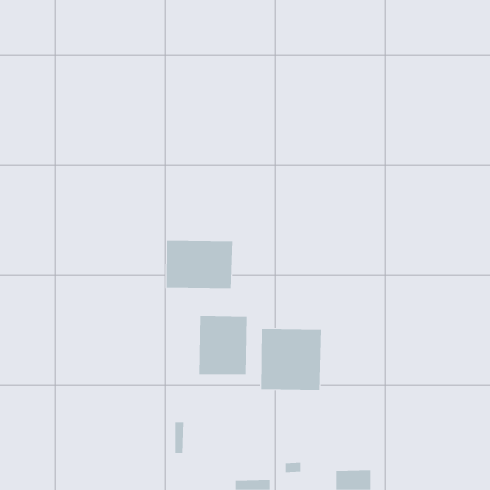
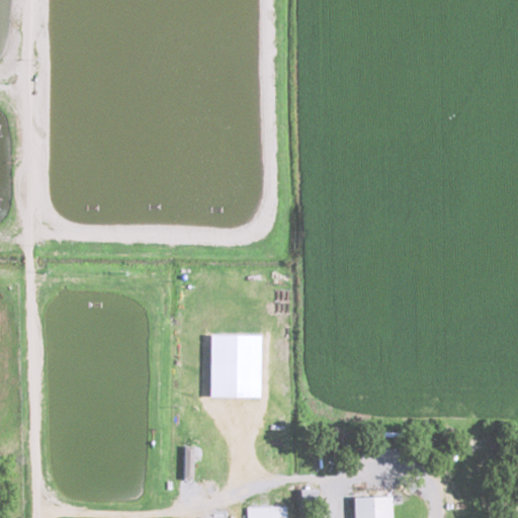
building: [166,240,233,289] -> none
building: [261,328,322,391] -> none

